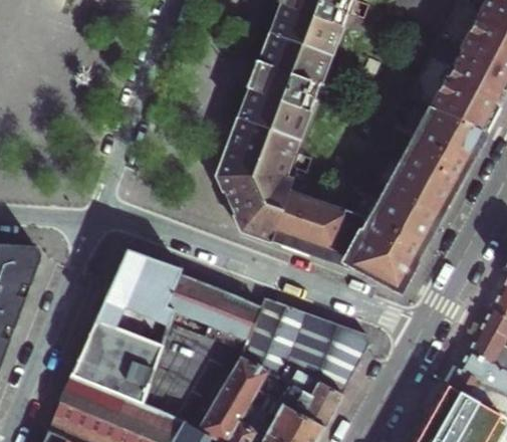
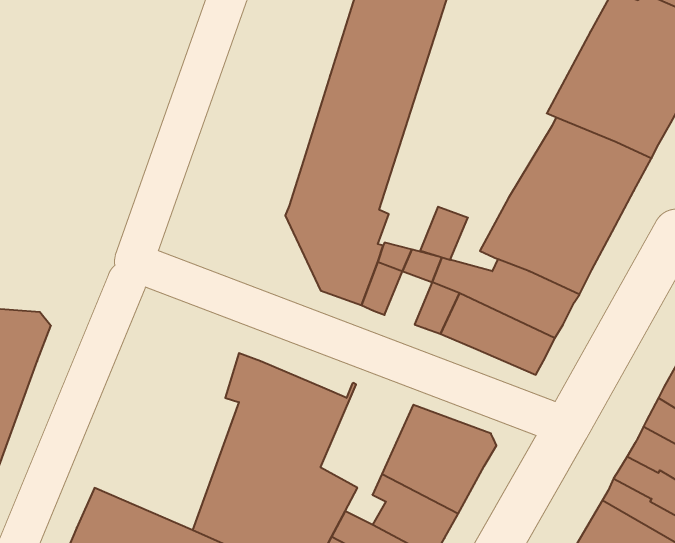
building: [291,216,326,255] -> [420,207,468,260]
building: [77,249,185,407] -> none
building: [244,299,312,381] -> none

